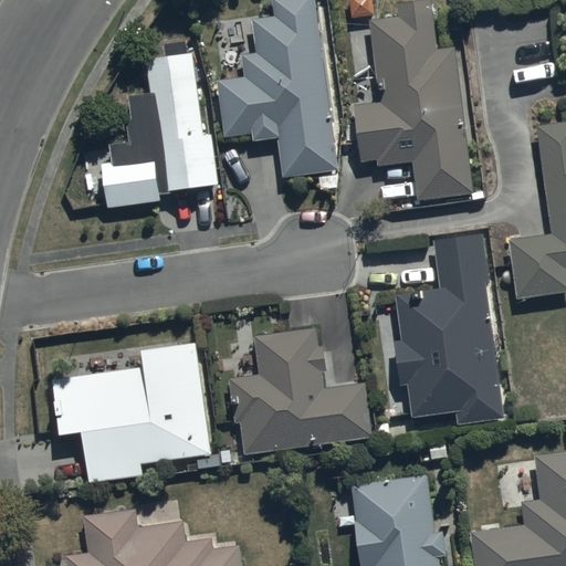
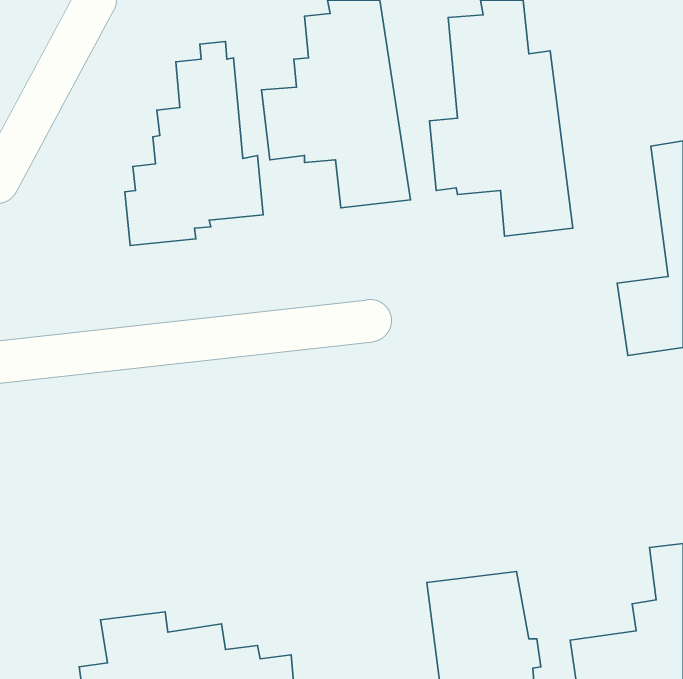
building: [395,234,503,423] -> none
building: [230,327,371,455] -> none
building: [52,338,213,484] -> none

